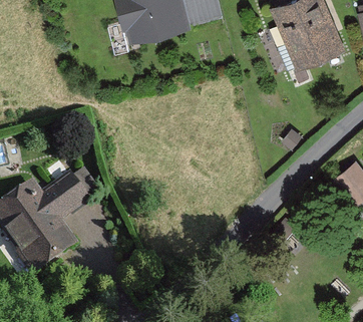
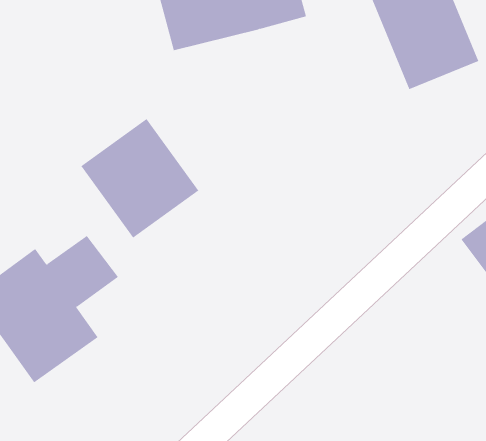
building: none -> [80,118,199,239]

